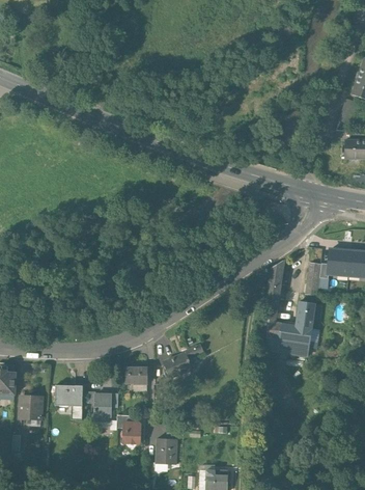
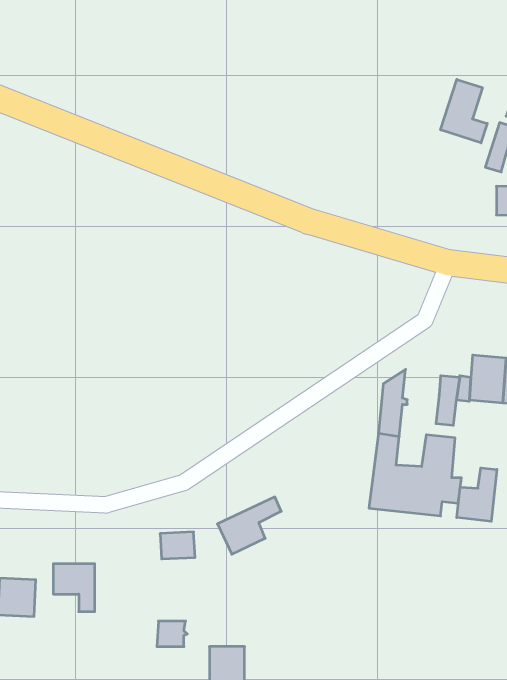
building: none -> [441,79,487,143]
building: none -> [457,468,497,521]
building: [95,392,115,417] -> none

